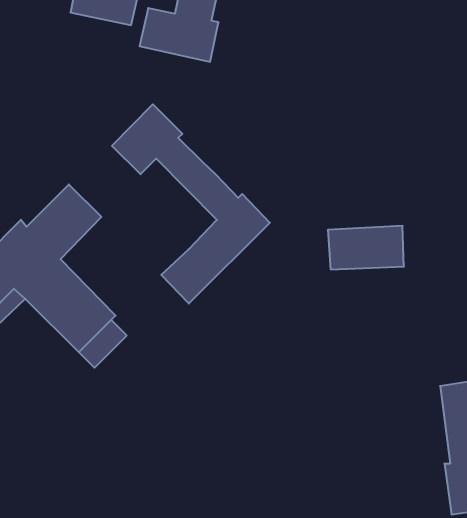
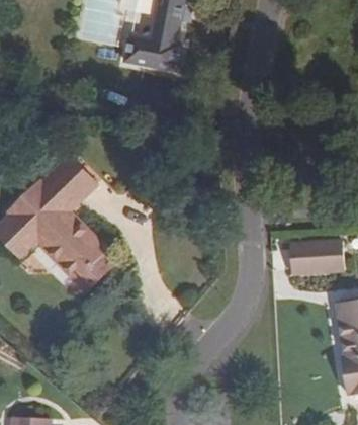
building: [112,104,270,304] -> none
building: [328,226,404,269] -> [289,242,344,273]

